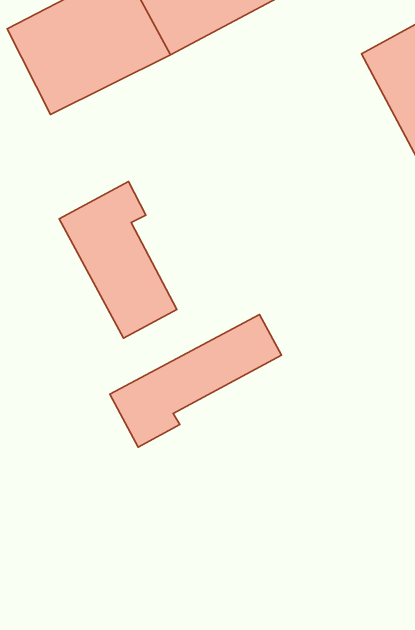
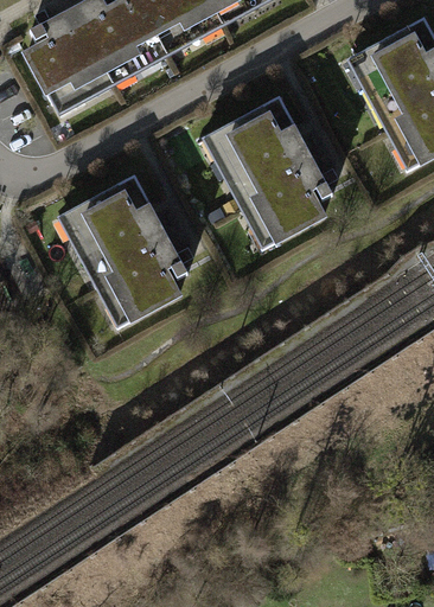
building: none -> [215,94,327,244]
building: [110,314,281,447] -> none

